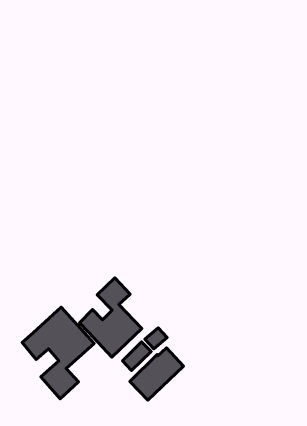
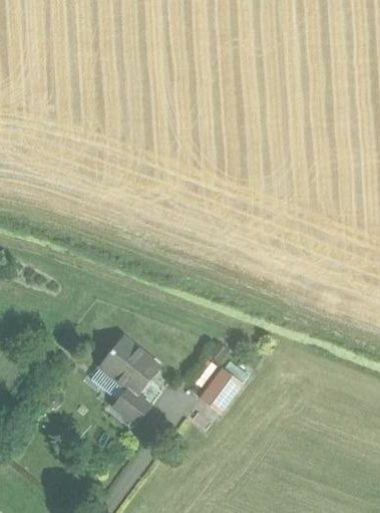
building: [80,278,142,357] -> none

